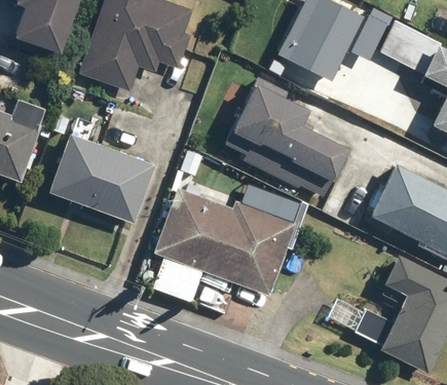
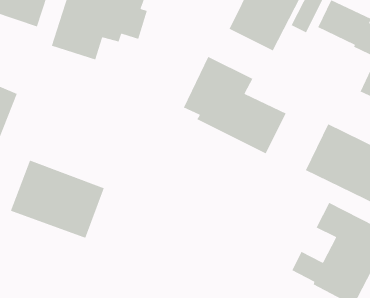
building: [45,132,154,224] -> [10,159,105,239]
building: [152,187,297,297] -> none

